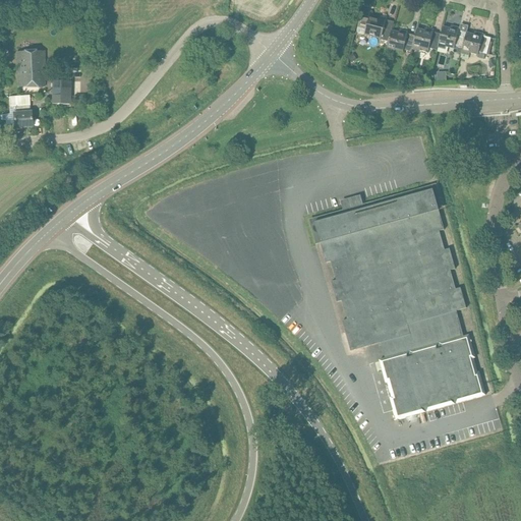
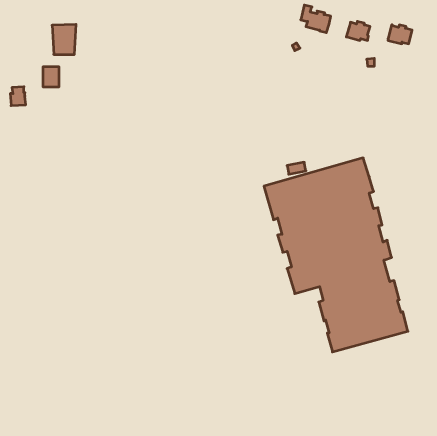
building: [437,23,465,46] -> none
building: [386,27,414,50] -> none
building: [16,49,45,84] -> [52,24,76,54]

